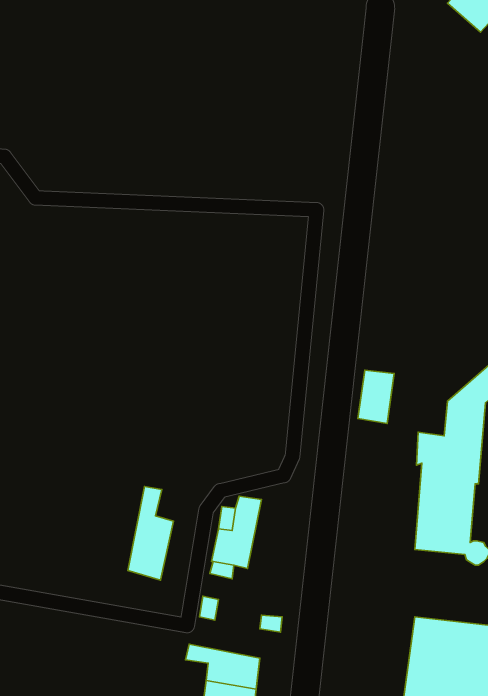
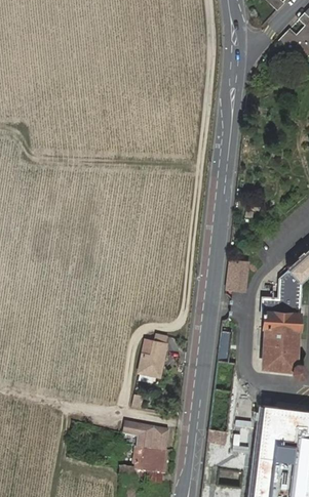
building: [128,487,174,580] -> none

